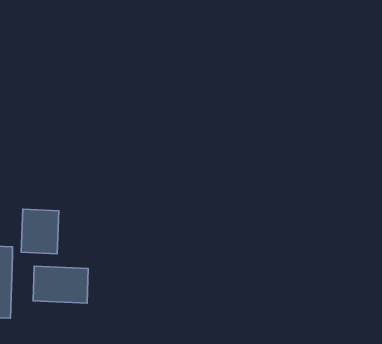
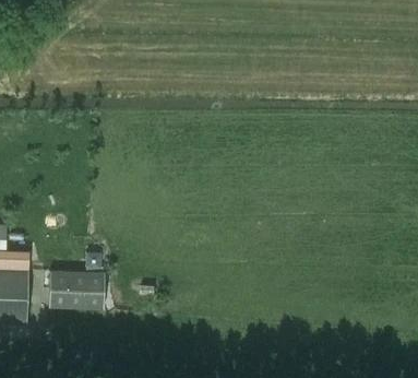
building: [21,209,59,254] -> none

